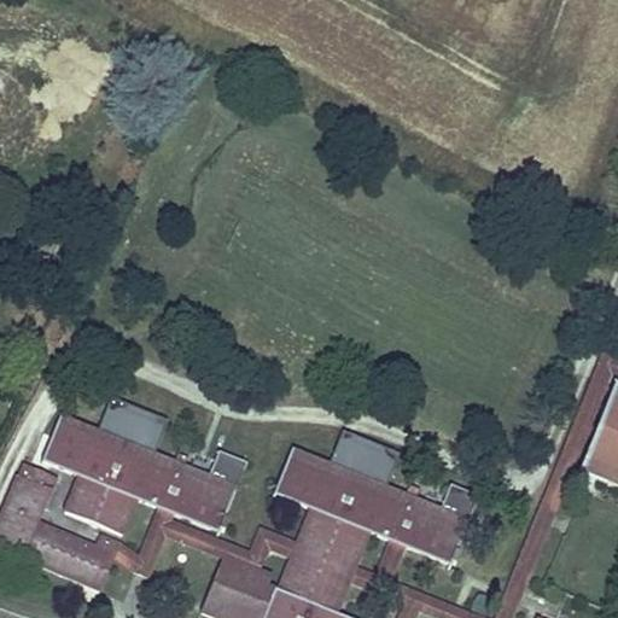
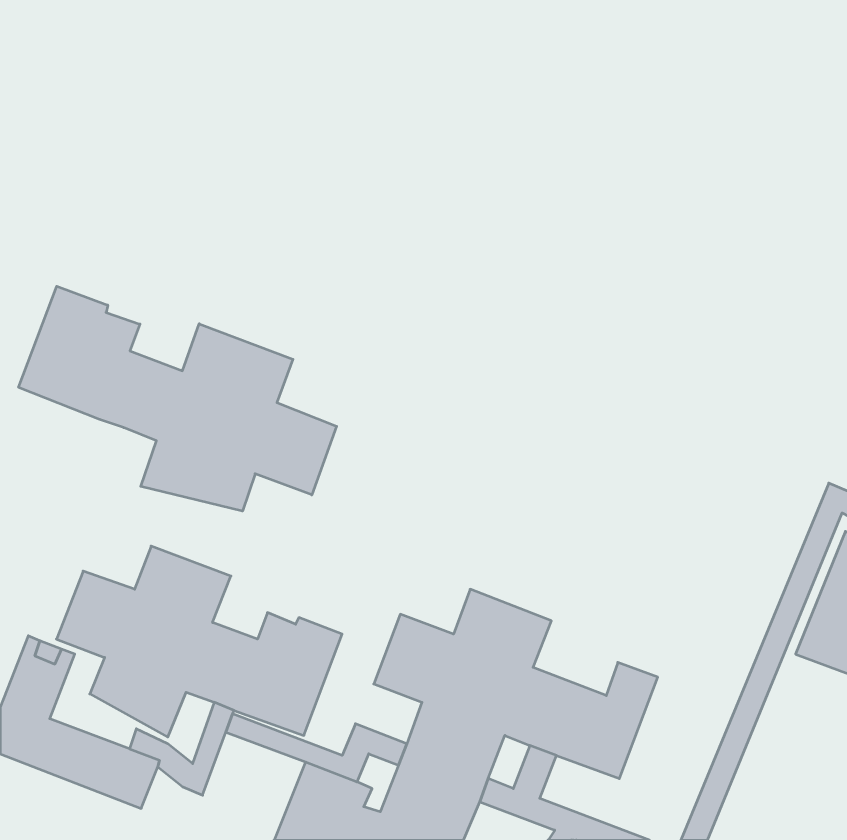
building: none -> [19,286,337,511]

